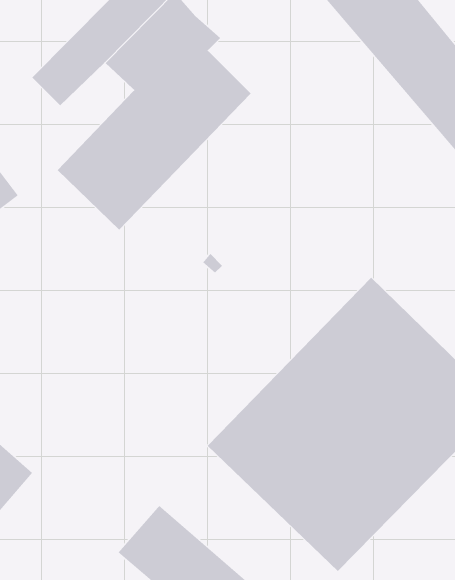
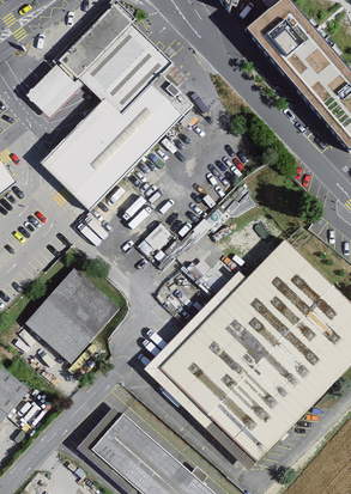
building: none -> [24,269,116,362]

